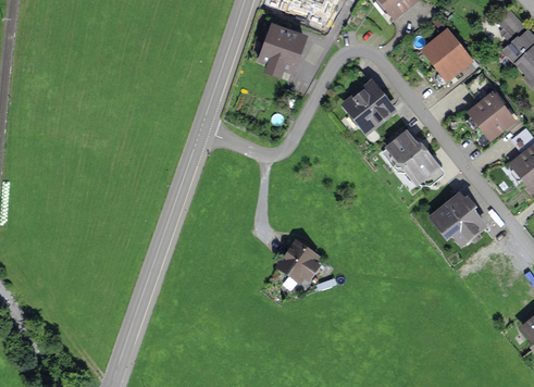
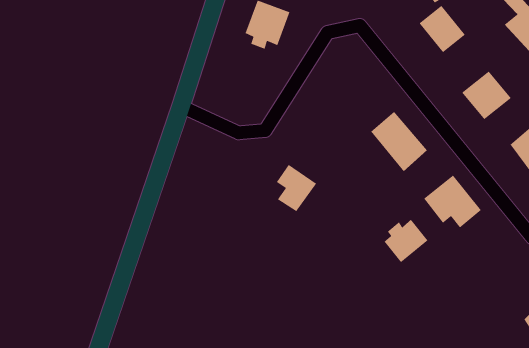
building: [345,82,395,132] -> none
building: none -> [383,219,429,263]
building: [280,242,319,288] -> [276,164,317,212]

